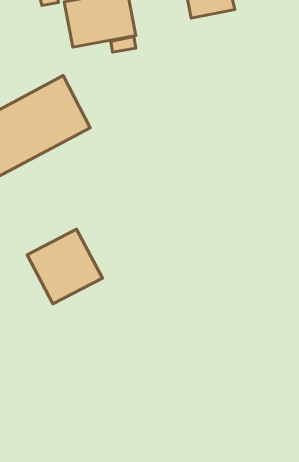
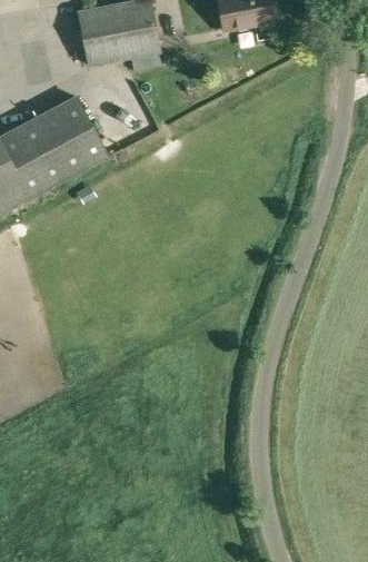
building: [27,229,102,304] -> none

